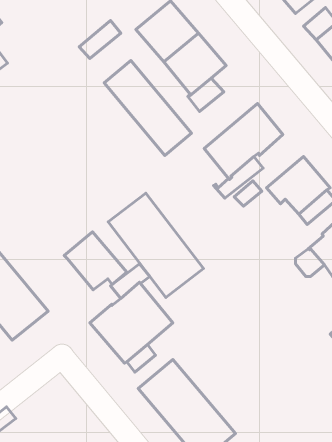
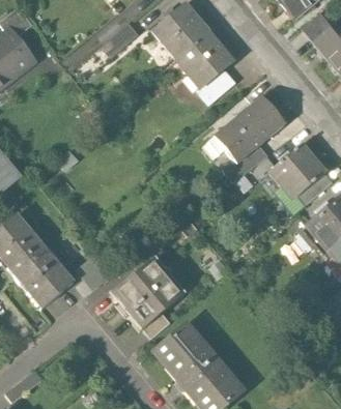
building: [104,60,192,156] -> none
building: [108,193,203,298] -> none
building: [64,232,127,290] -> none

